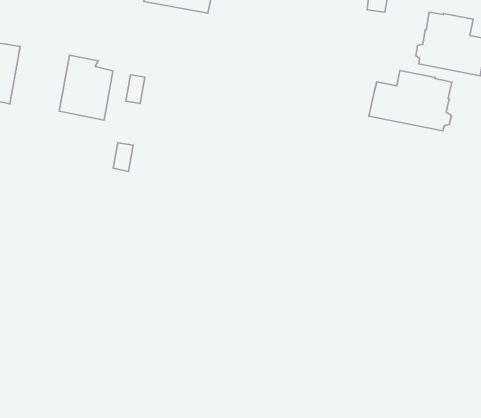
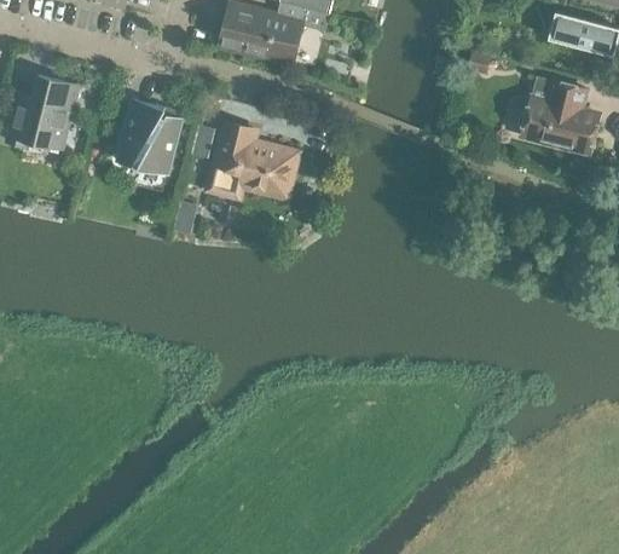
building: [369,70,452,131] -> none
building: none -> [212,122,296,197]

